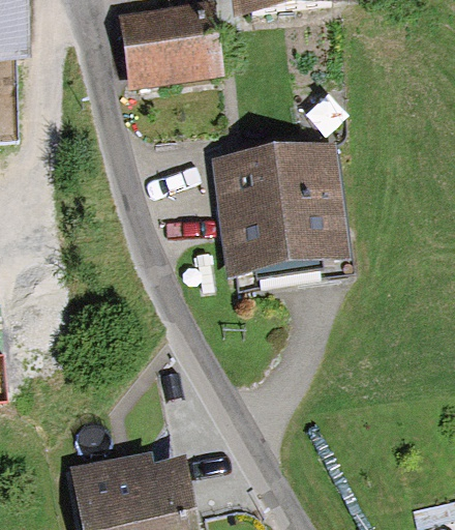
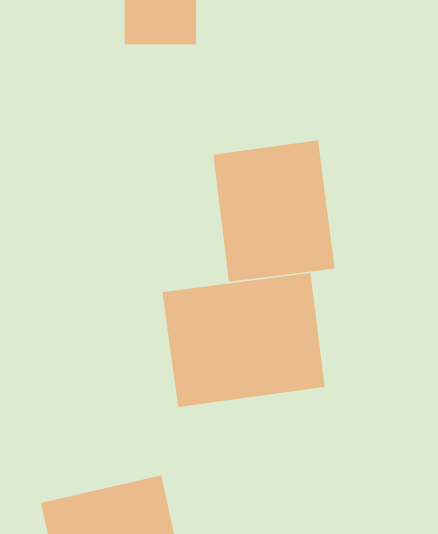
building: none -> [162,272,325,408]

